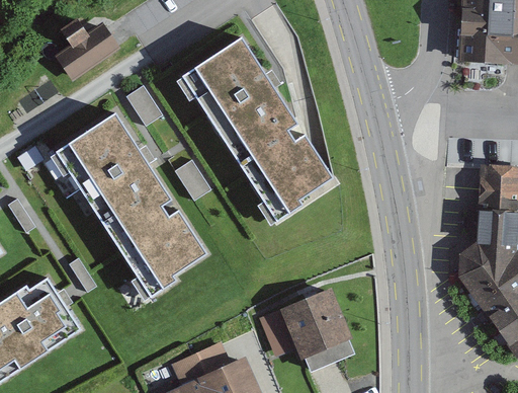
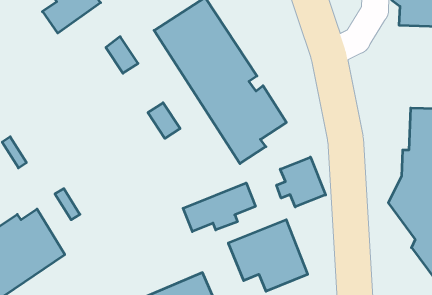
building: [60,115,206,297] -> none
building: none -> [277,157,326,207]
building: none -> [183,183,255,232]

